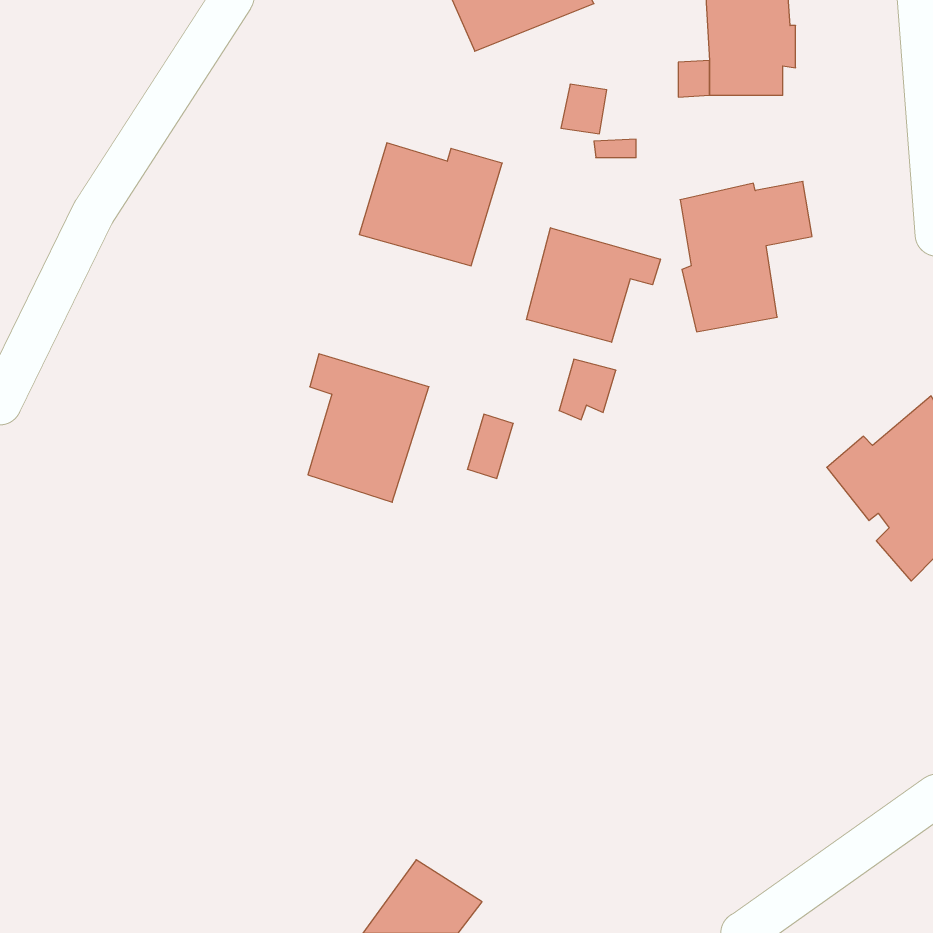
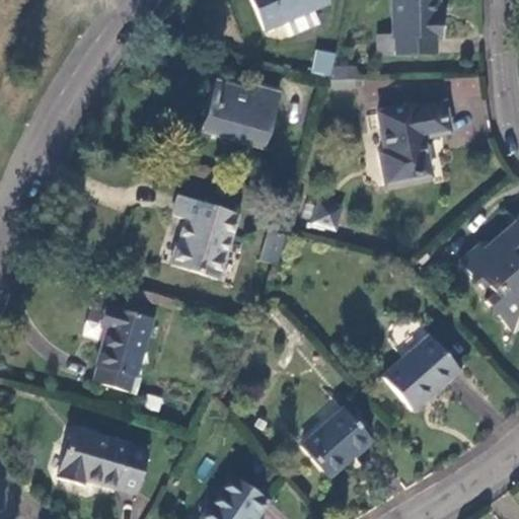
building: [526,228,660,342] -> none
building: none -> [97,304,152,389]
building: none -> [384,336,461,410]
building: none -> [302,407,371,475]
building: none -> [60,428,147,488]

